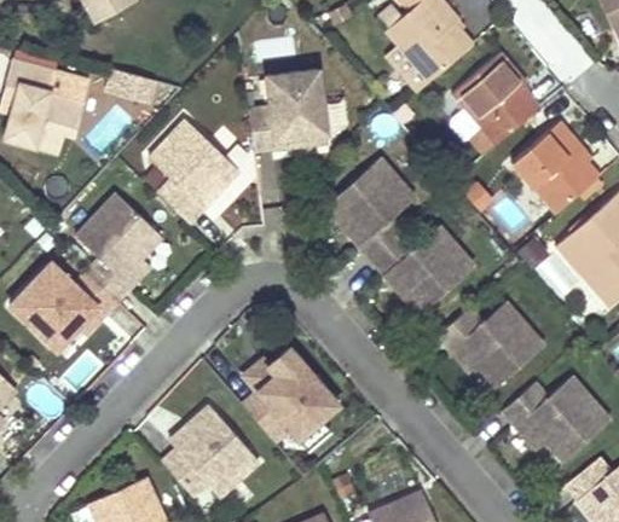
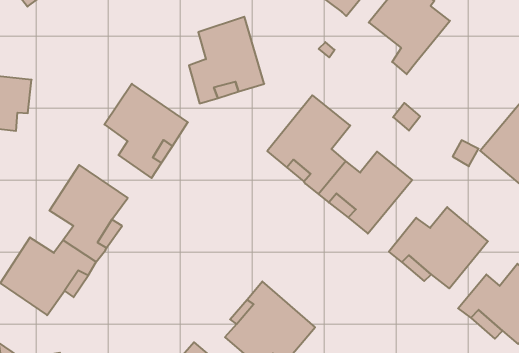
building: [509,123,596,214] -> none

